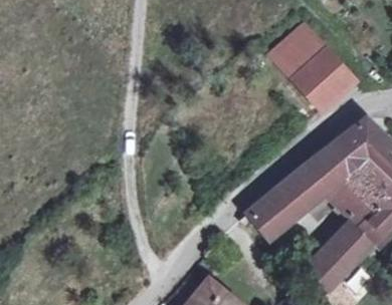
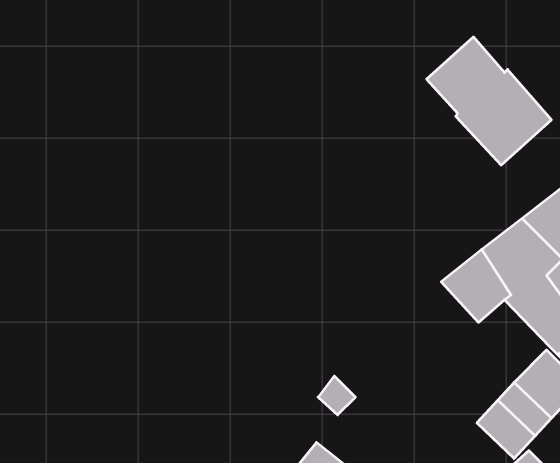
building: [246,181,307,237] -> none

